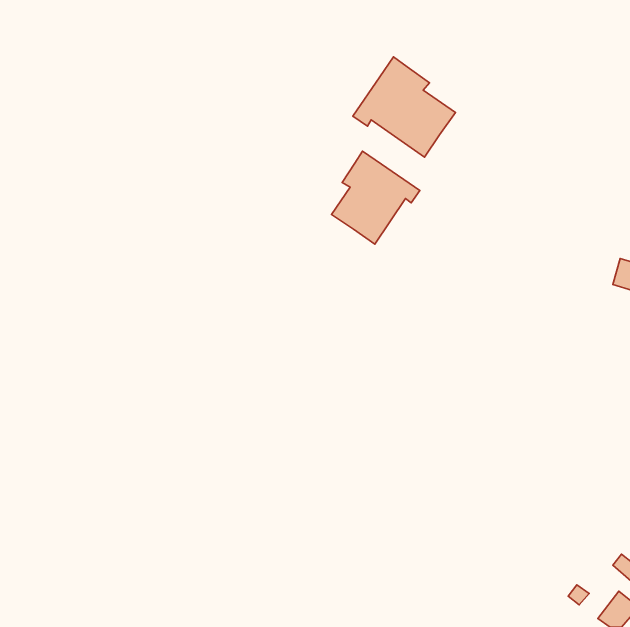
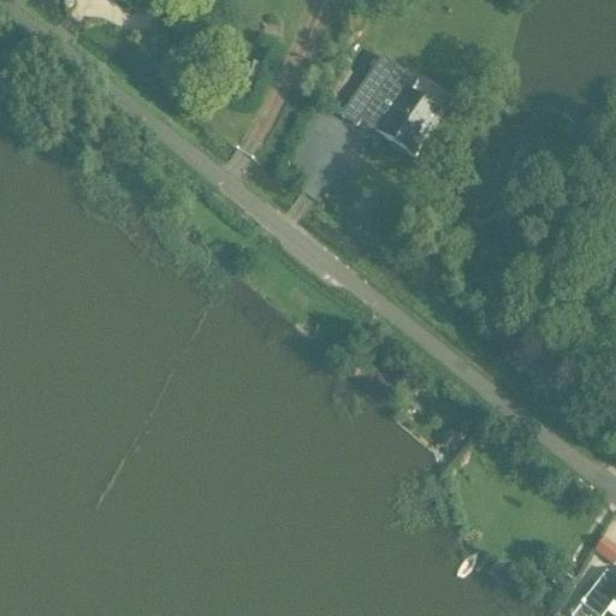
building: [331,151,420,244] -> none

